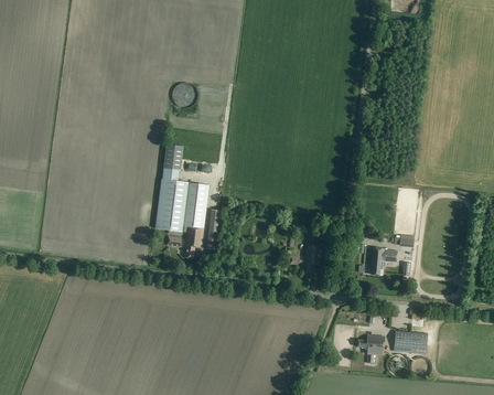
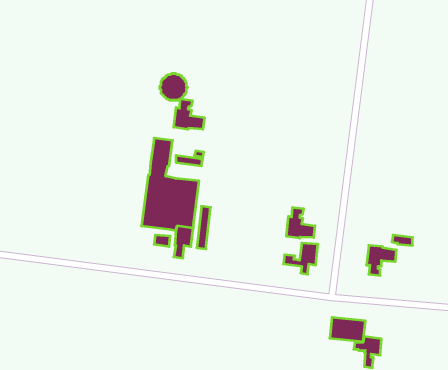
building: none -> [174,99,204,129]
building: none -> [287,207,315,238]
building: [393,330,427,353] -> [330,317,365,342]

